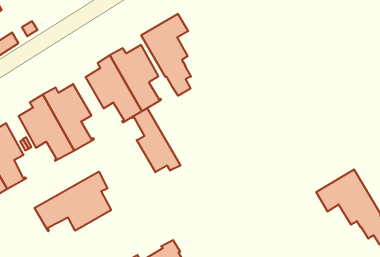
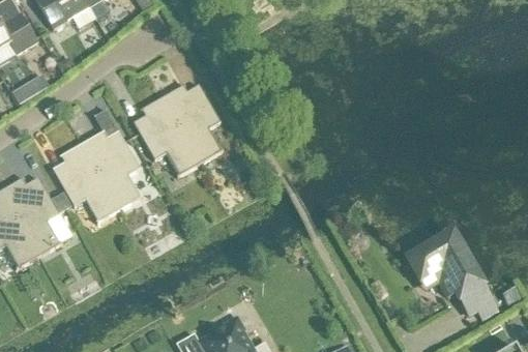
building: [141,14,191,96] -> none
building: [132,108,180,172] -> none
building: [35,172,111,231] -> none

